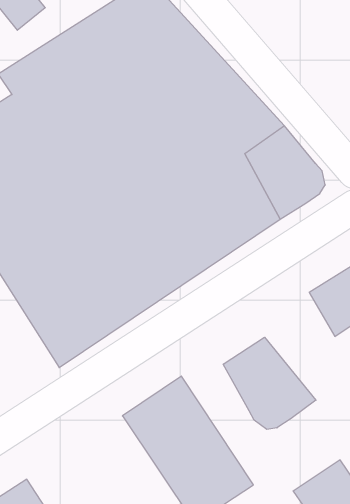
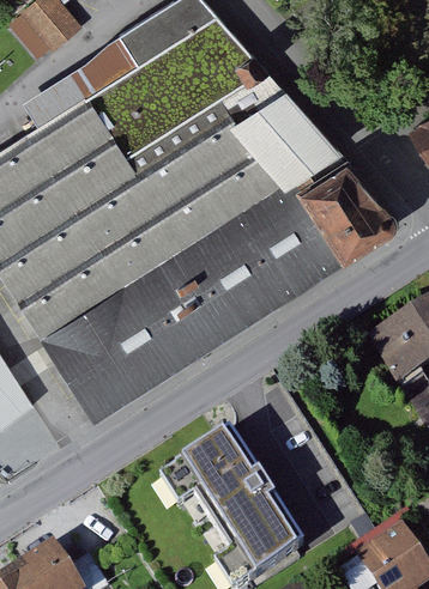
building: [223,337,316,429] -> none

